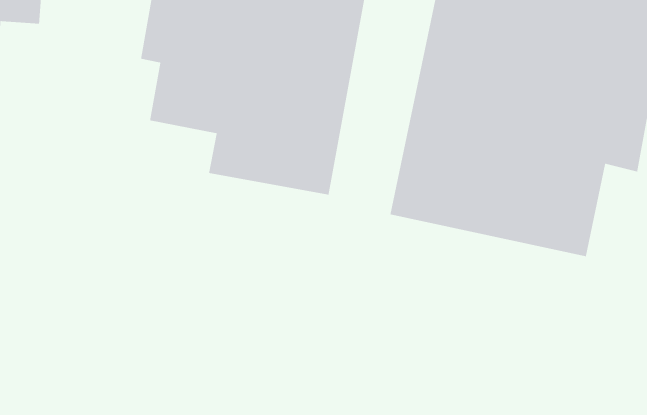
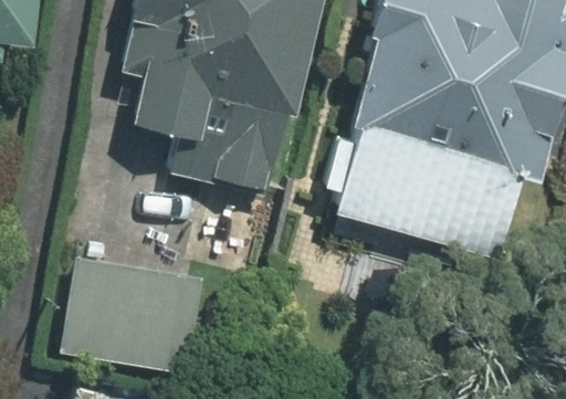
building: none -> [48,256,203,372]

